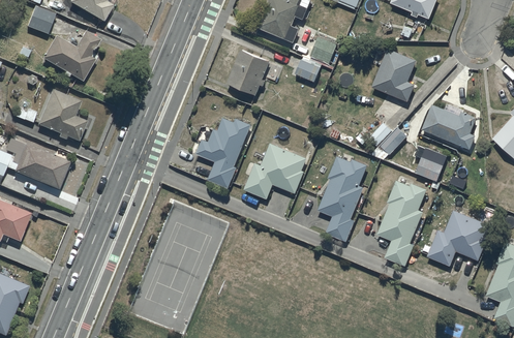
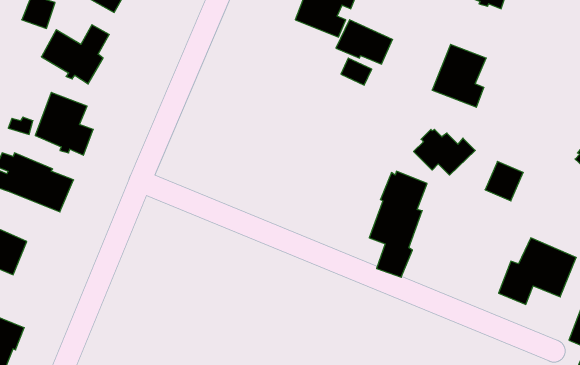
building: [228,49,282,93] -> none
building: [422,103,477,149] -> none
building: [196,117,251,187] -> none
building: [243,143,306,198] -> none
building: [377,181,427,266] -> none

